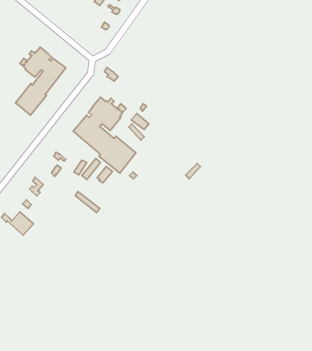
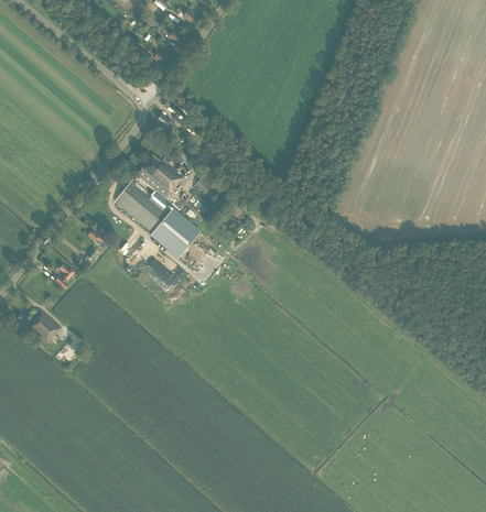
building: [16,47,66,115] -> none

